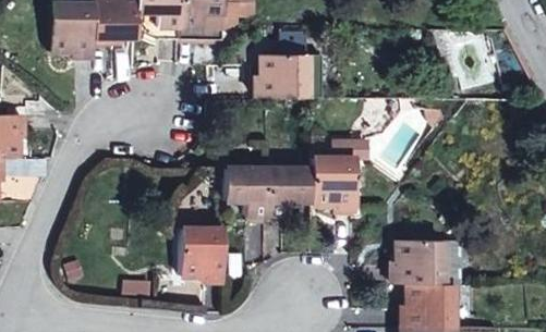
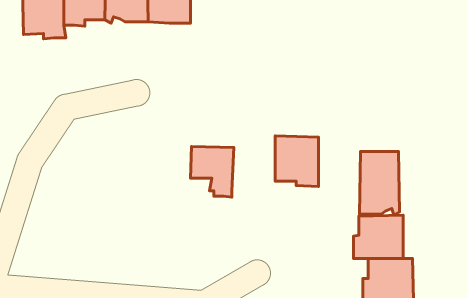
building: [256,53,310,96] -> none
building: [267,167,312,212] -> none
building: none -> [360,152,400,215]
building: [181,226,225,279] -> none

